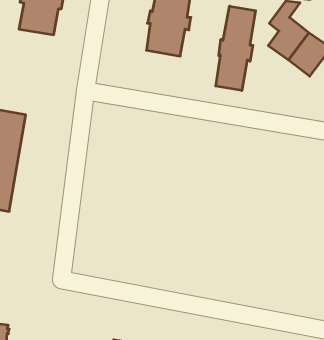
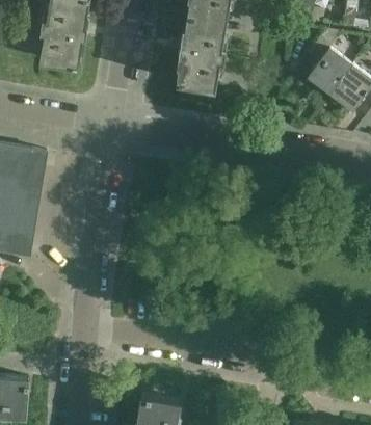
building: [216,6,256,91] -> none

